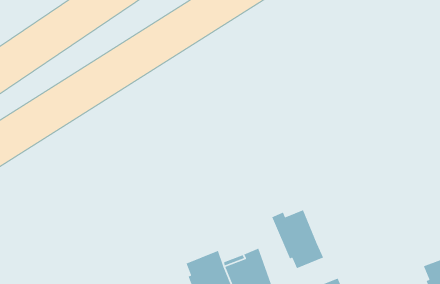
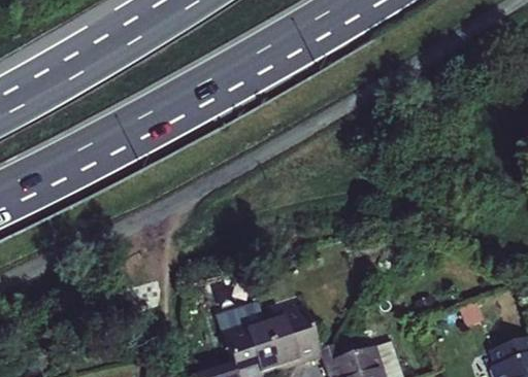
building: [271,209,324,269] -> none

